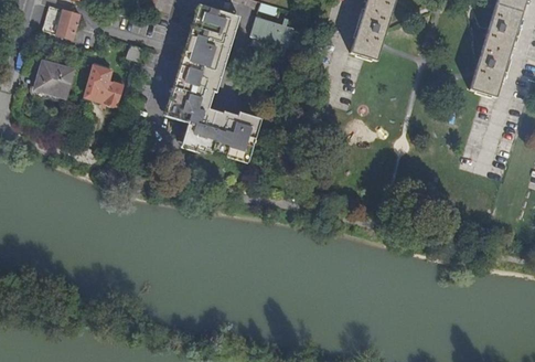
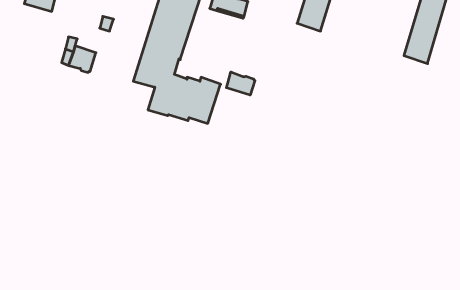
building: [35,61,74,97] -> none
building: none -> [226,72,255,95]

